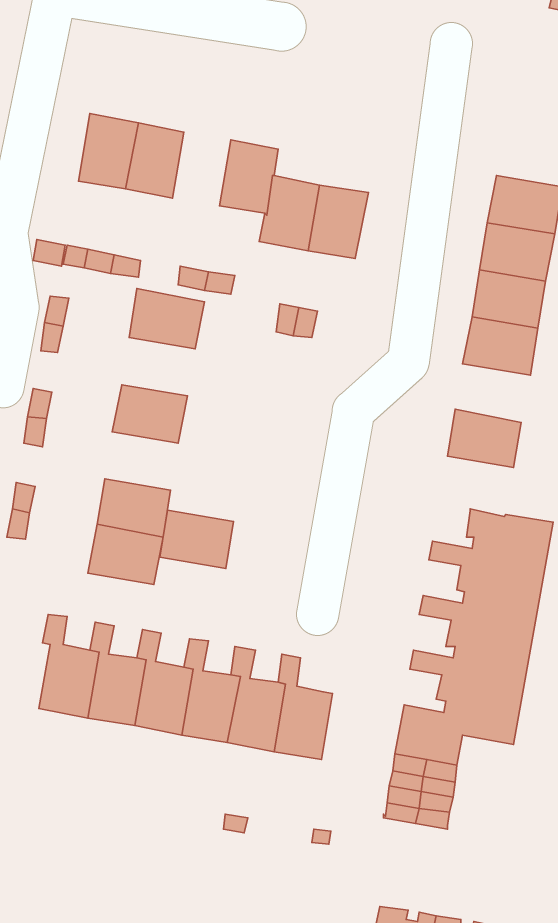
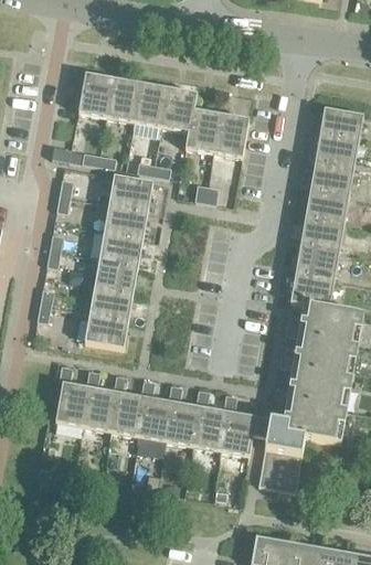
building: none -> [134,84,168,127]
building: none -> [104,204,147,238]
building: none -> [299,220,343,254]
building: none -> [289,274,333,309]
building: [160,510,233,568] -> [94,259,137,294]
building: none -> [221,395,255,456]

